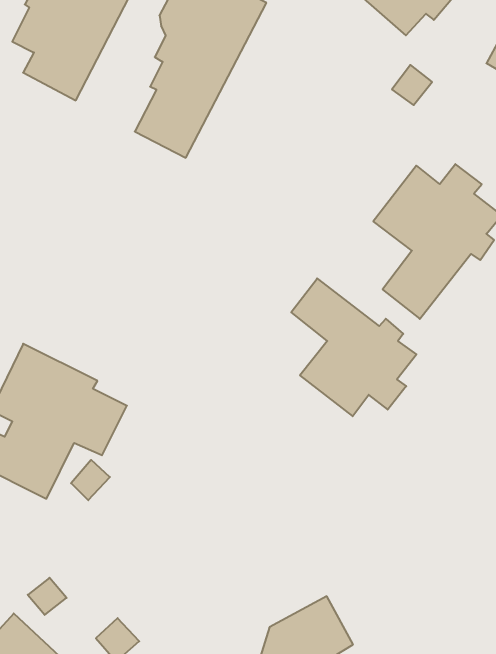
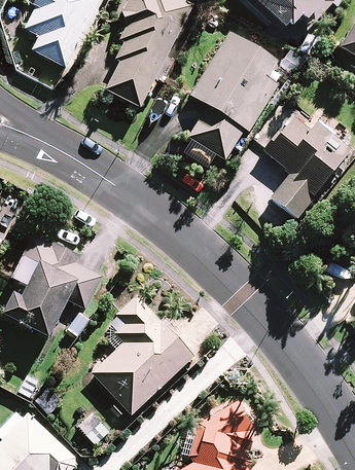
building: none -> [186,33,276,168]
building: [291,278,416,416] -> none
building: none -> [87,296,192,414]

